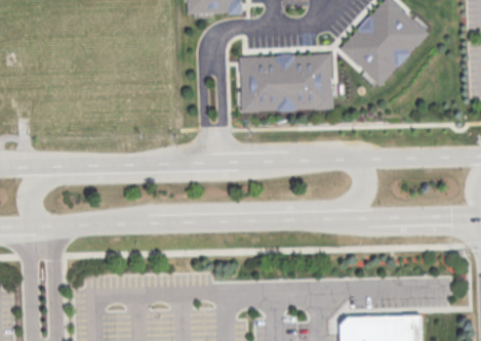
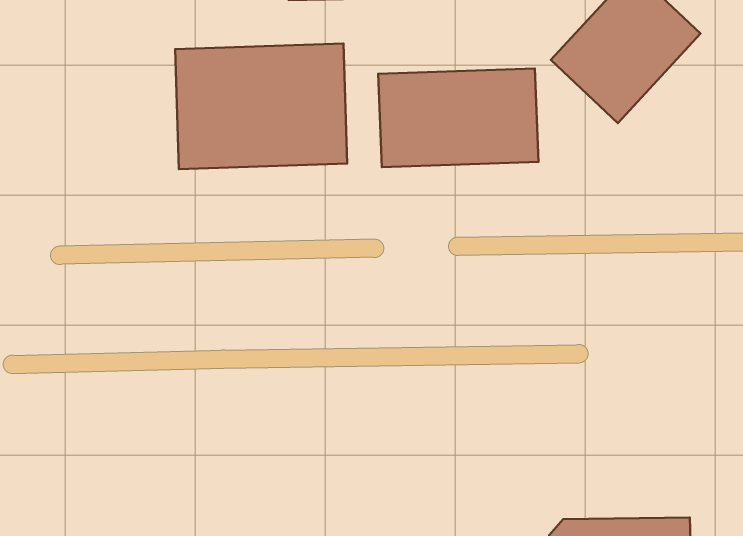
building: none -> [175,43,347,169]

